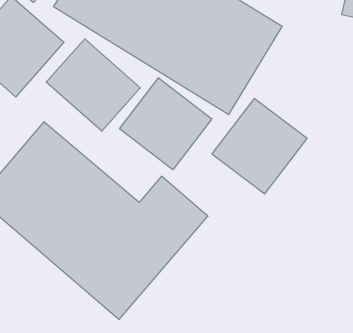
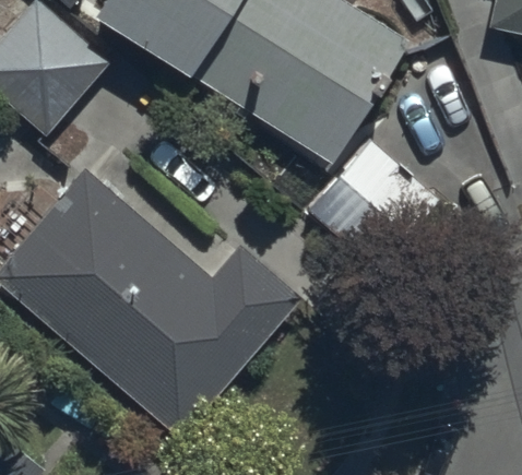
building: [46,39,140,131] -> none
building: [120,78,212,170] -> none

